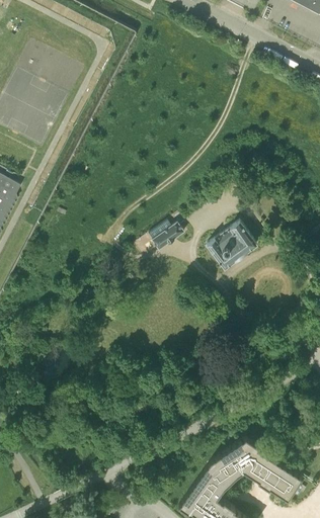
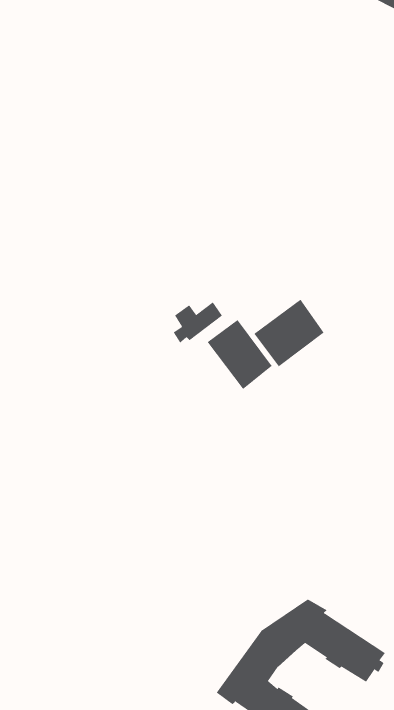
building: none -> [207,319,272,390]

